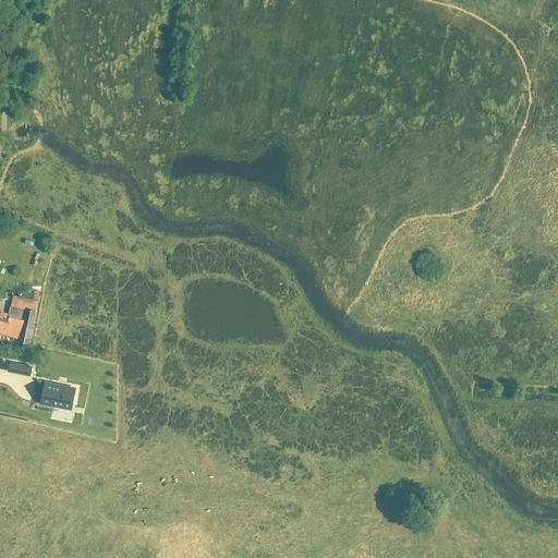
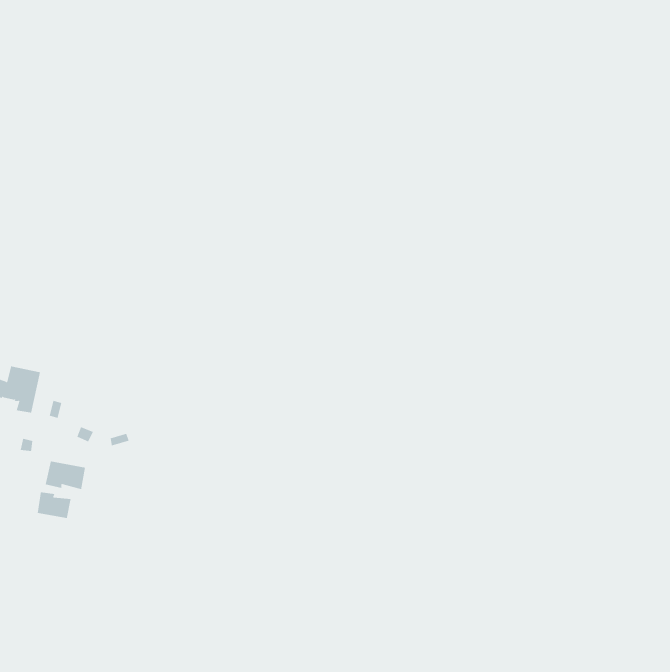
building: none -> [37,491,71,519]

